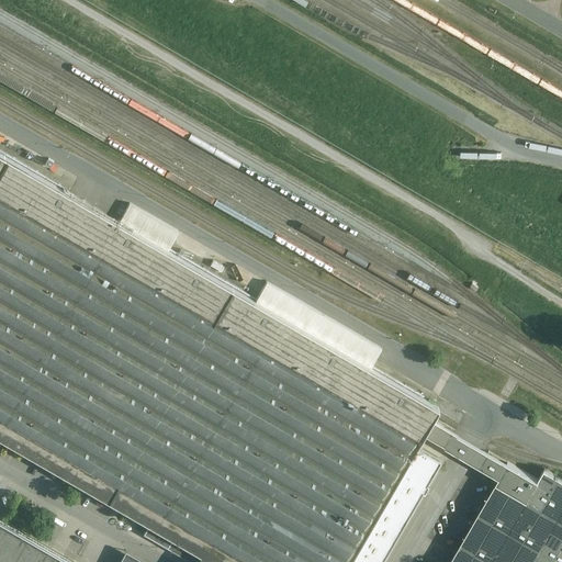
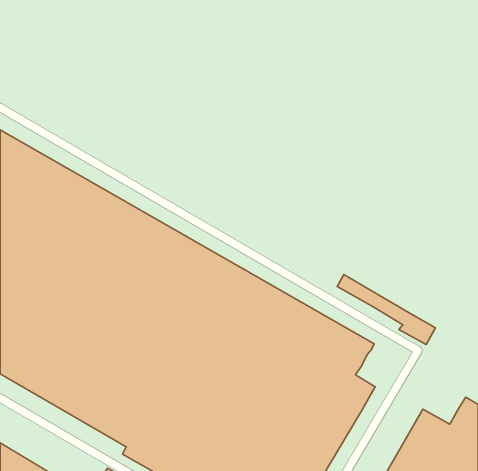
building: [424,424,539,506] -> [337,274,435,345]

